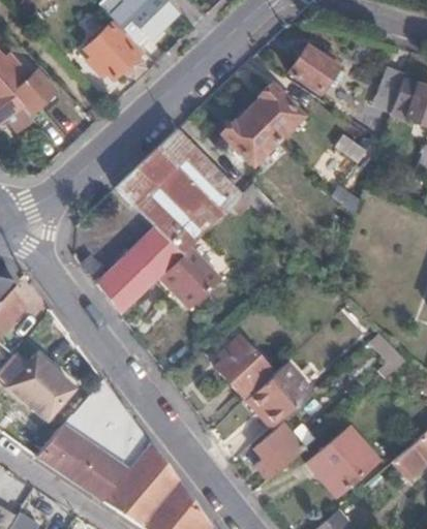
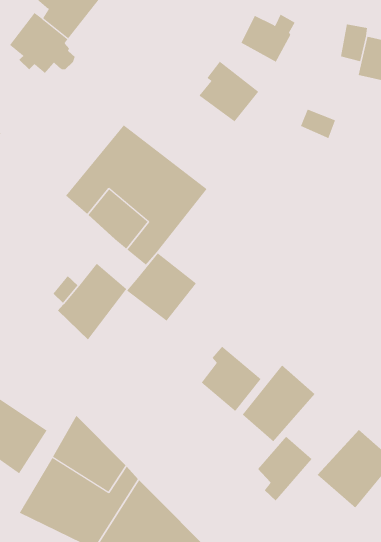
building: [219,113,276,166] -> none
building: [138,229,181,275] -> none

